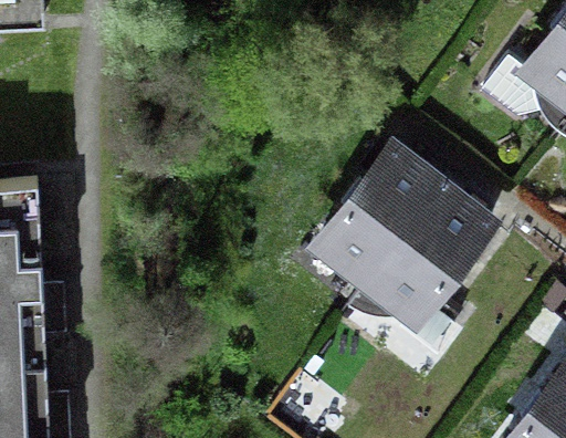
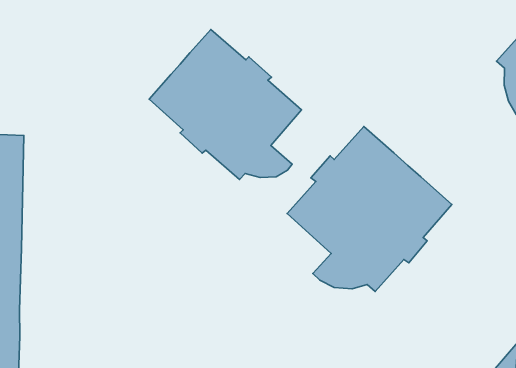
building: none -> [149,29,301,180]

